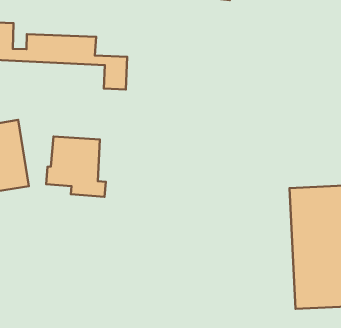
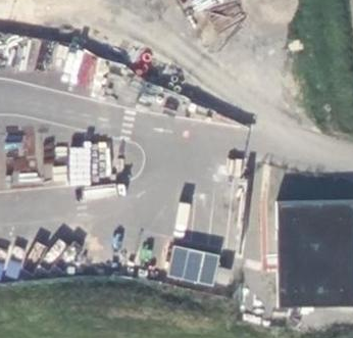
building: none -> [165,243,218,286]

